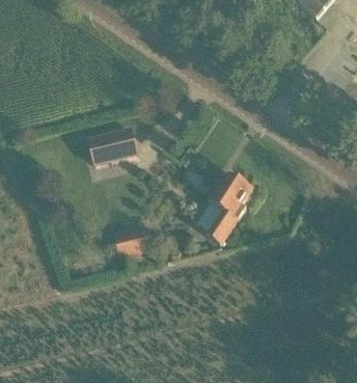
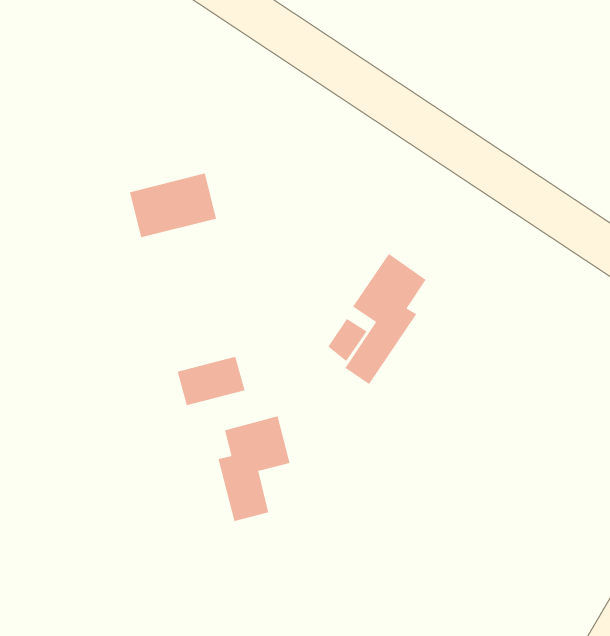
building: none -> [218,416,290,522]

